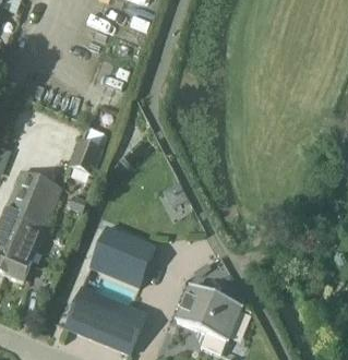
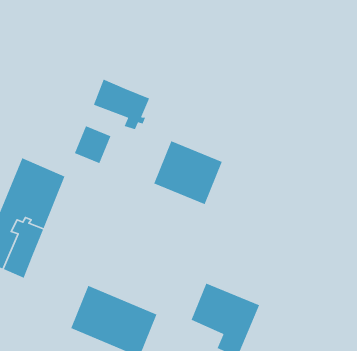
building: none -> [93,79,150,130]
building: [91,226,155,286] -> [153,140,223,205]

